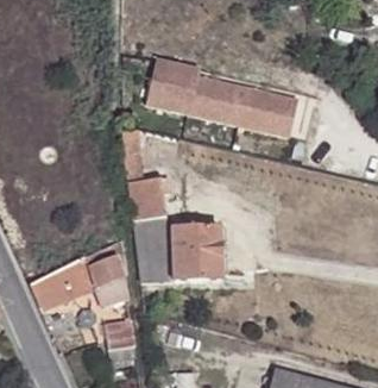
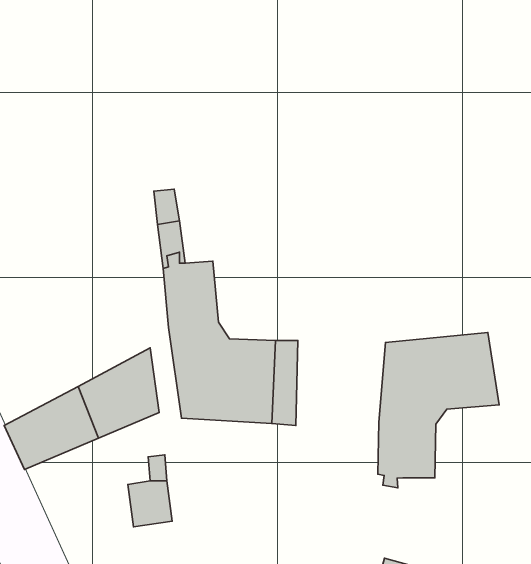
building: [150,60,301,138] -> none
building: none -> [378,332,499,488]

